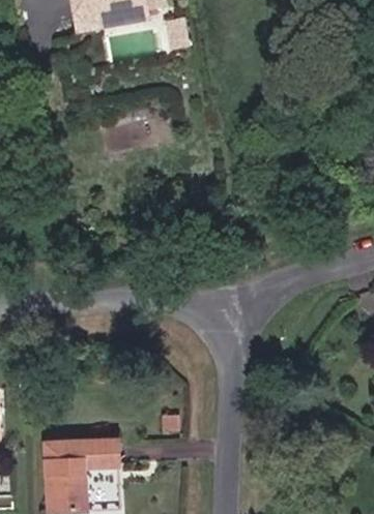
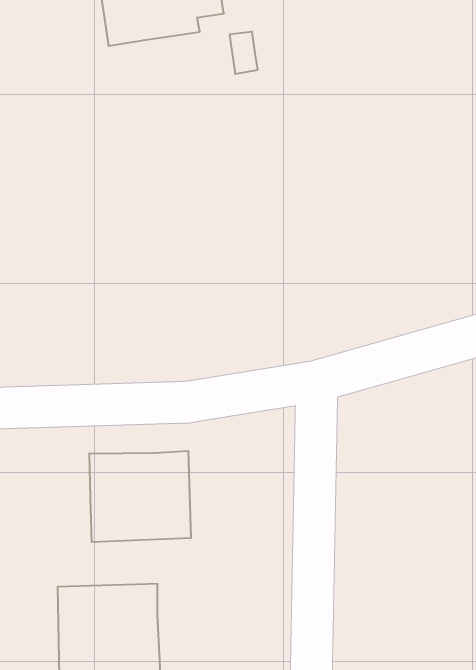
building: none -> [89,451,191,542]

